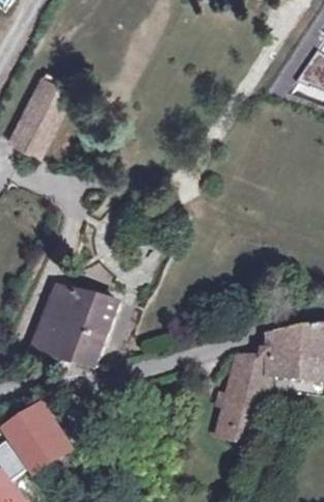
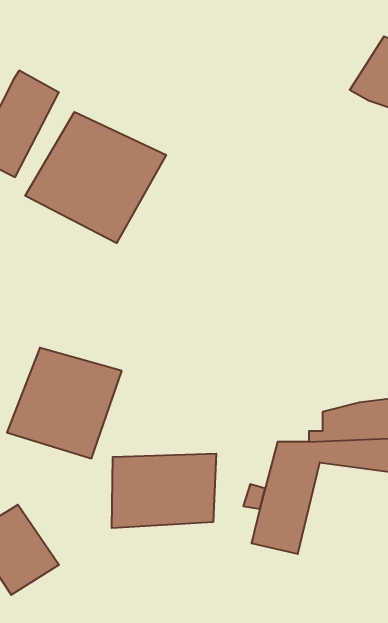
building: none -> [25,112,166,243]
building: none -> [112,454,216,528]

